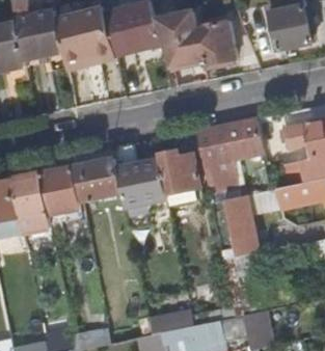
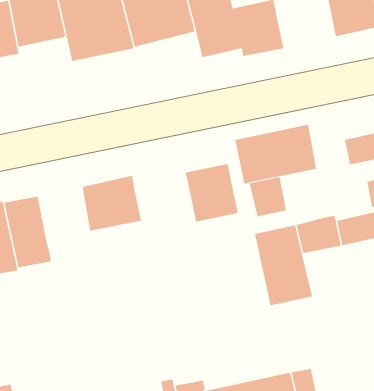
building: [116,160,165,211] -> none
building: [39,170,74,216] -> none

